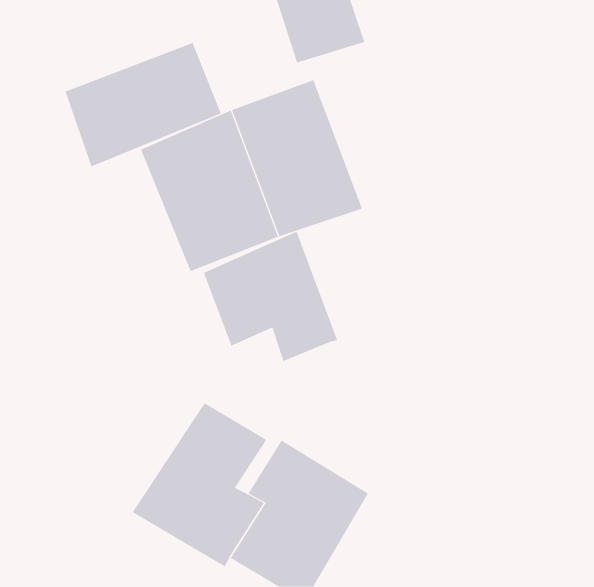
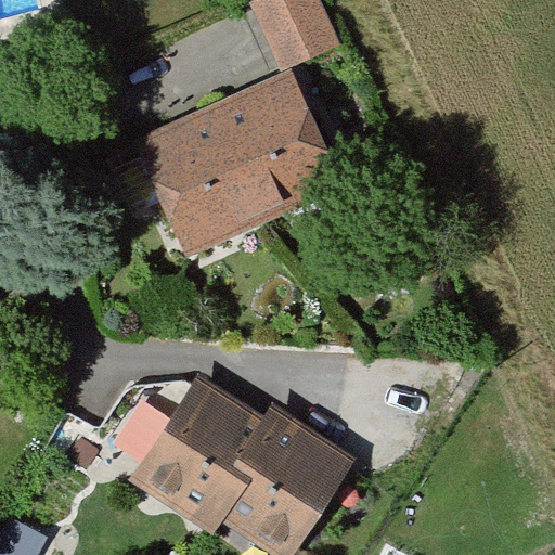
building: [65,42,221,167] -> none
building: [203,231,338,362] -> none

